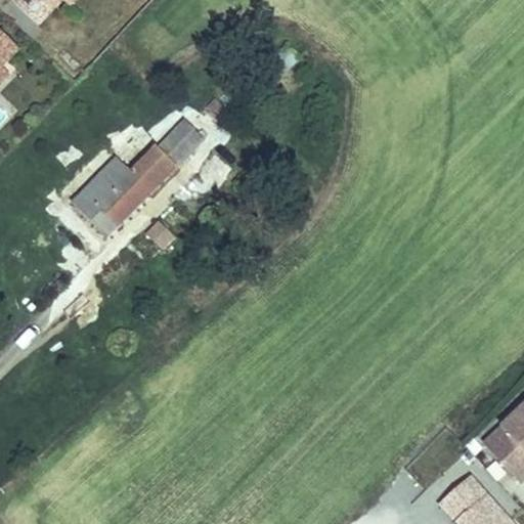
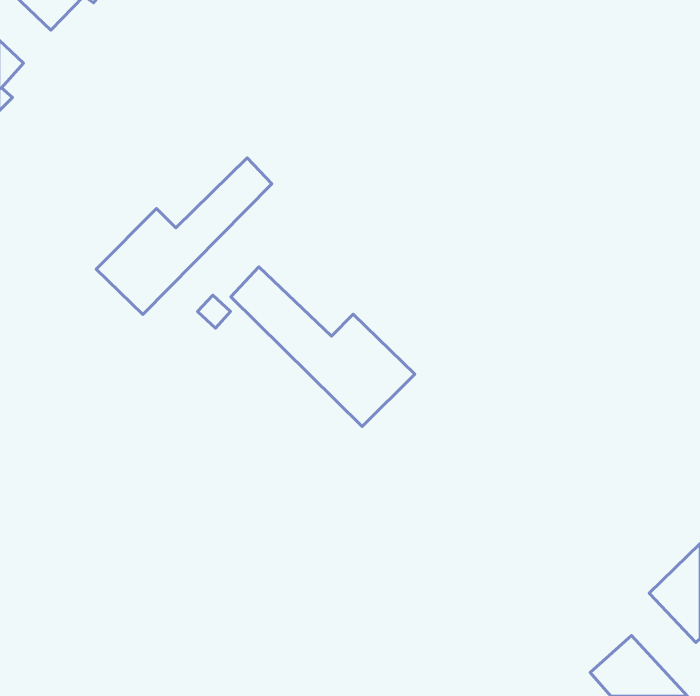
building: none -> [231,267,415,427]

